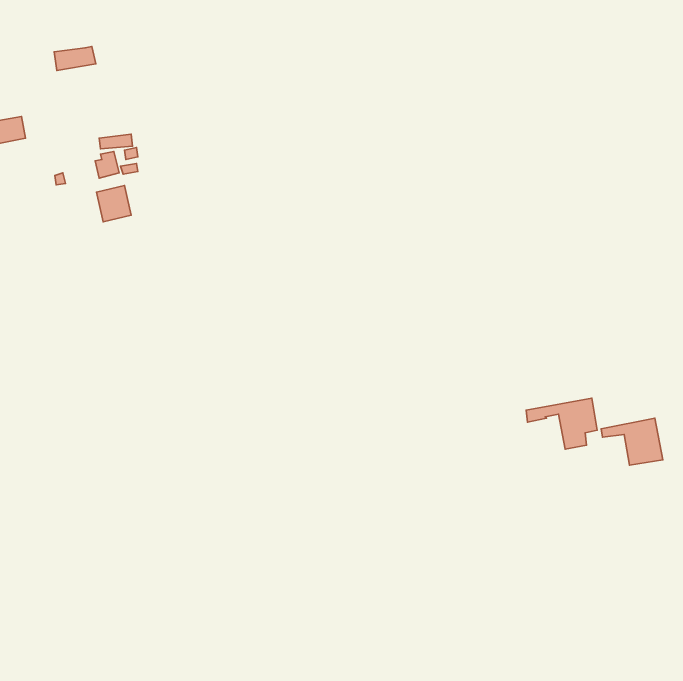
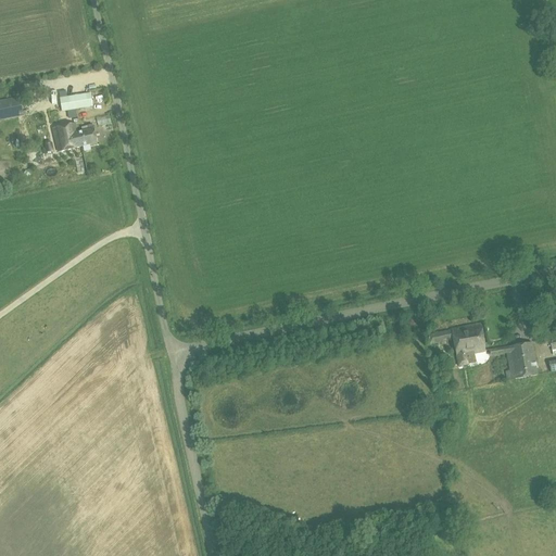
building: [54,46,96,71] -> [59,90,92,110]
building: [96,186,131,222] -> [52,121,80,150]

